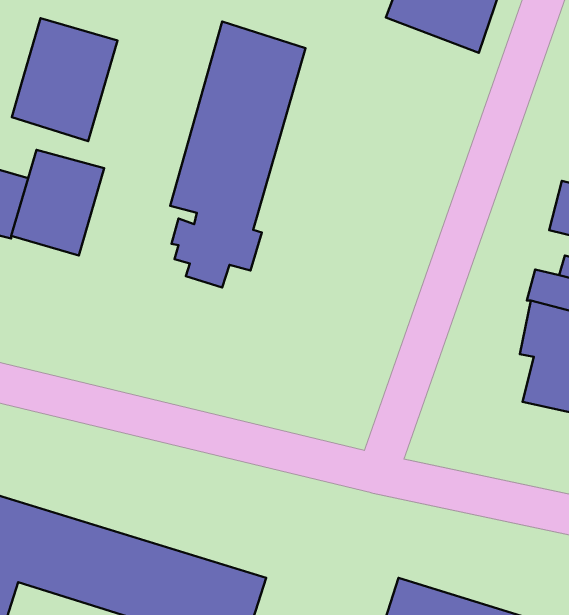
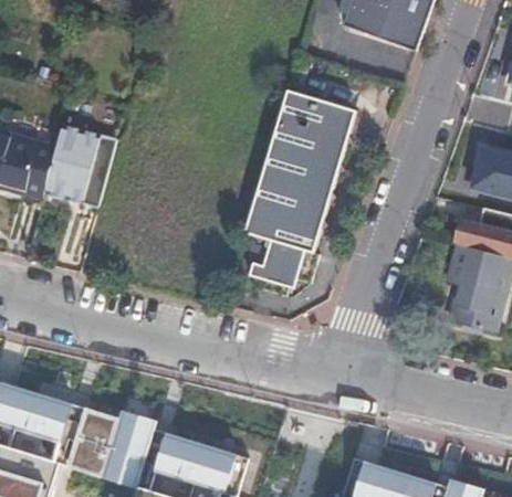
building: [12,18,118,141] -> none
building: [170,21,305,287] -> [247,88,353,297]

